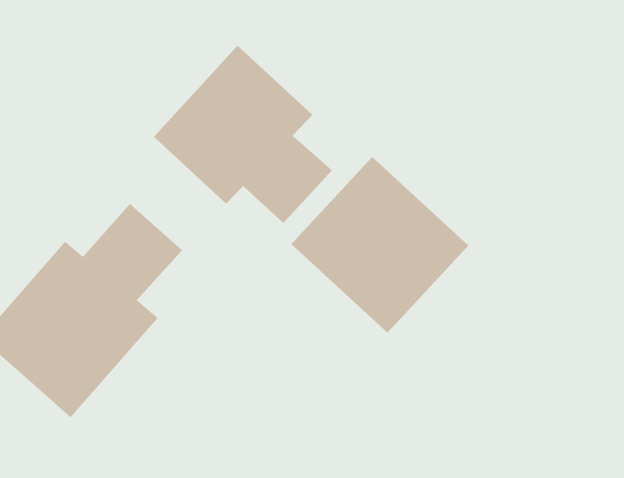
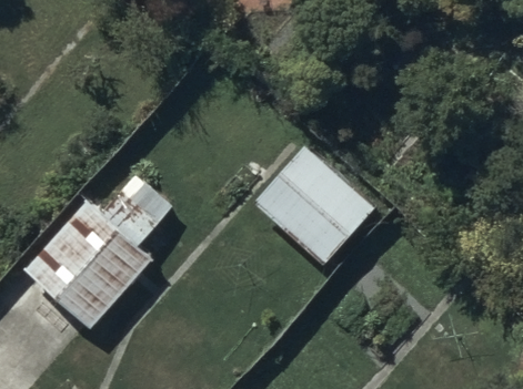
building: [153,45,333,224] -> none

